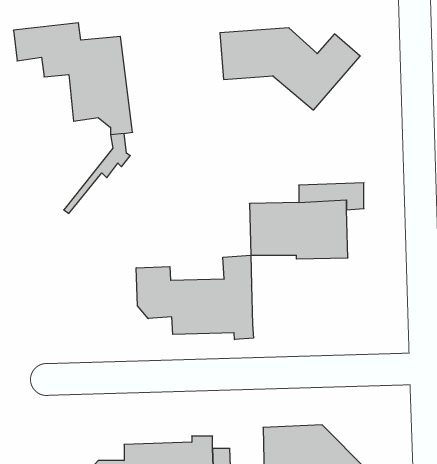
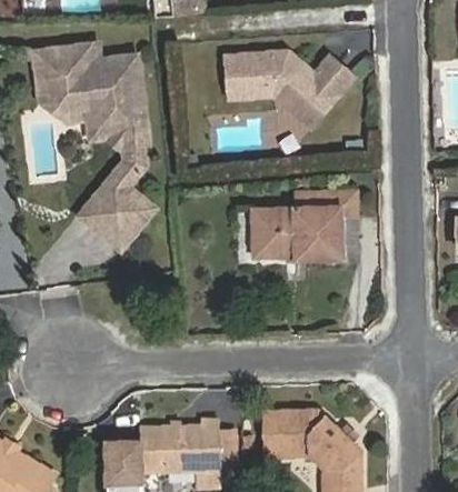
building: none -> [41,78,90,118]
building: none -> [88,182,150,245]
building: [136,255,253,340] -> none

